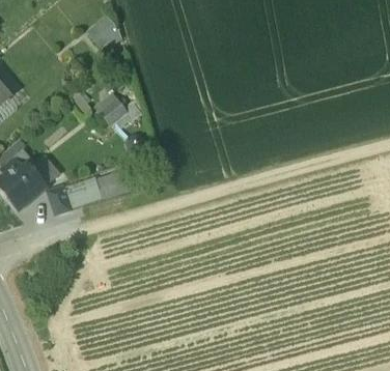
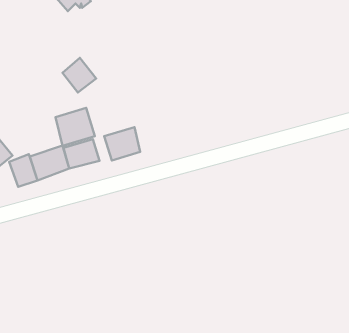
building: none -> [55,108,95,146]
building: none -> [104,127,140,160]

